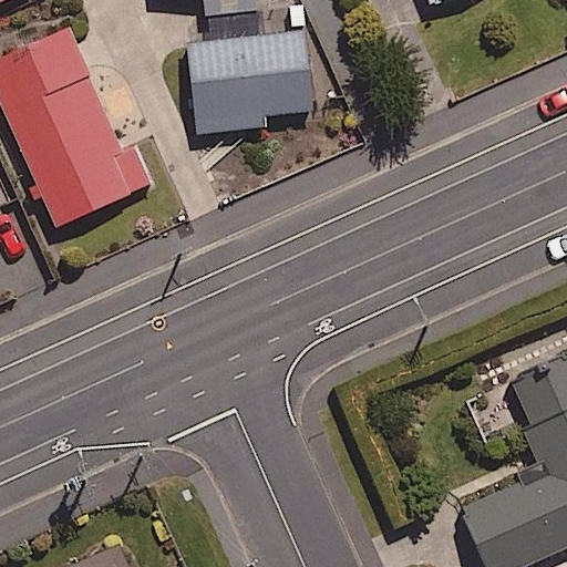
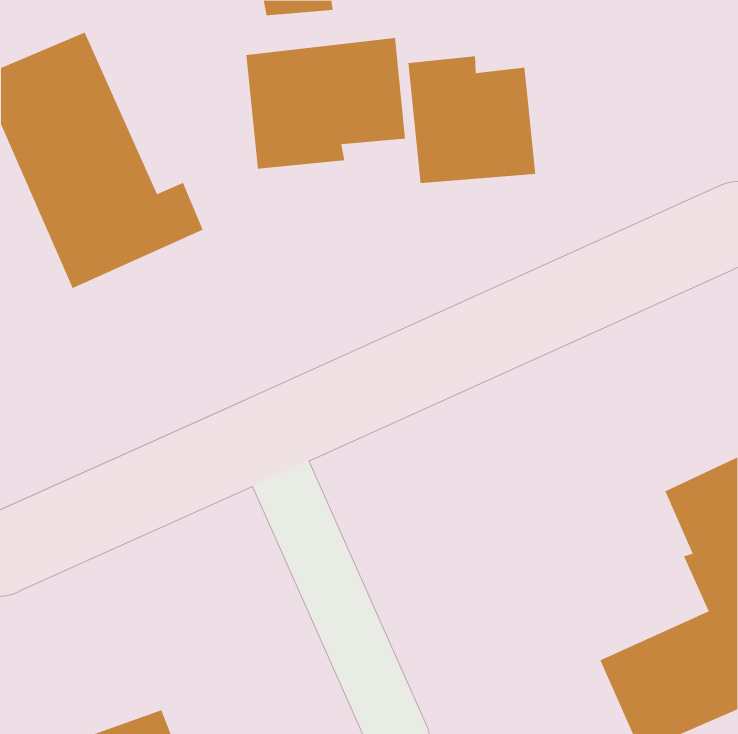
building: none -> [408,55,536,184]

